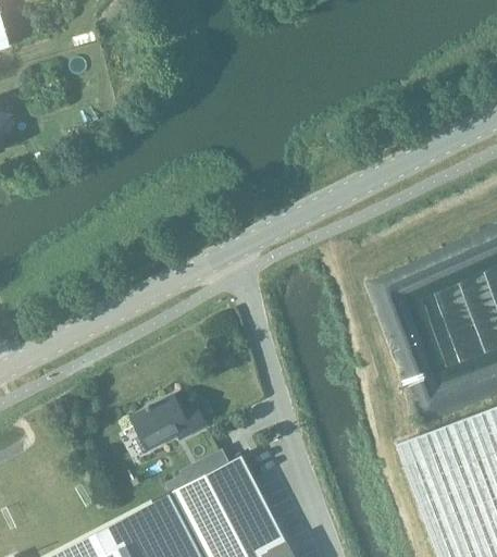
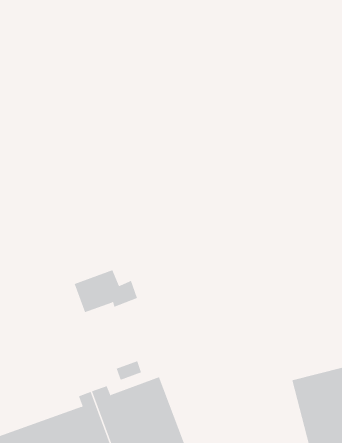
building: [132,397,207,450] -> [74,269,138,313]

